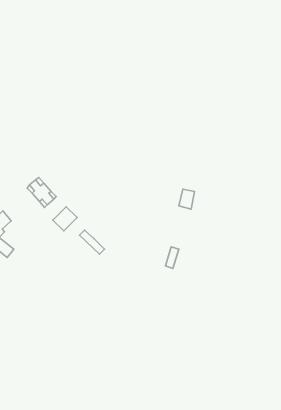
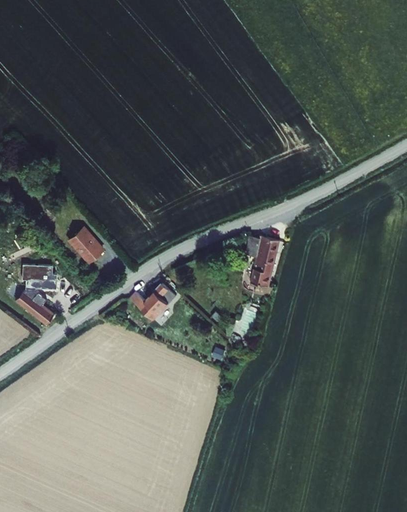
building: none -> [246,260,268,296]
building: [53,207,77,231] -> [151,283,180,312]

